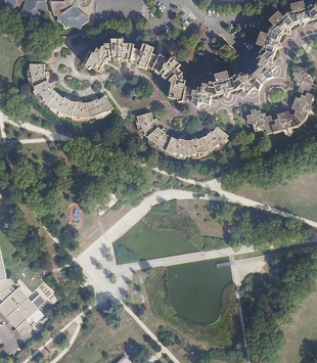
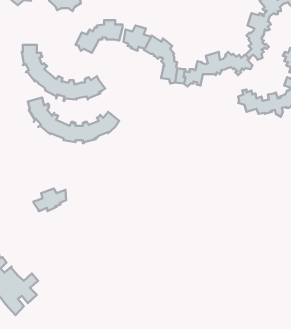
building: [136,111,228,157] -> [28,97,119,143]
building: none -> [33,188,66,211]

